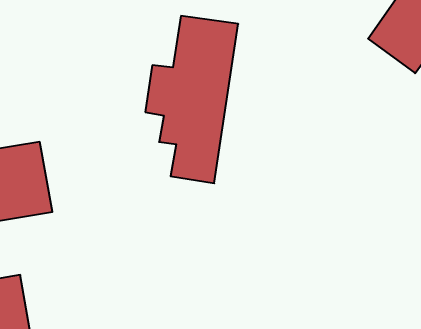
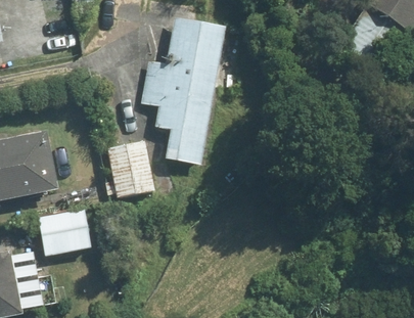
building: none -> [104,141,153,196]
building: none -> [34,209,89,258]

